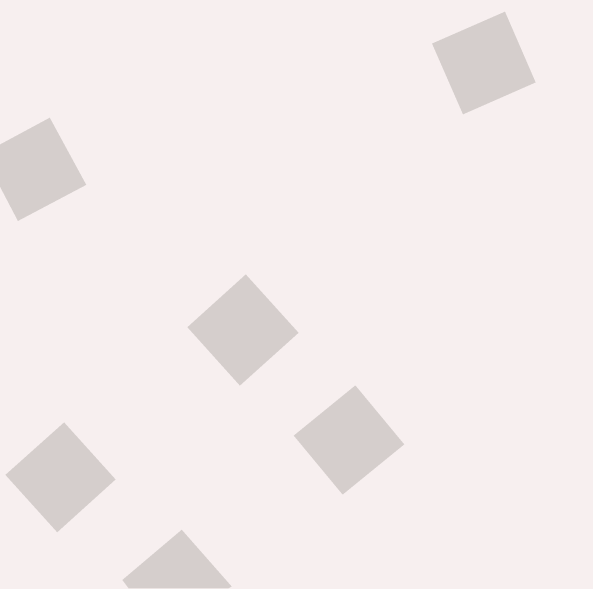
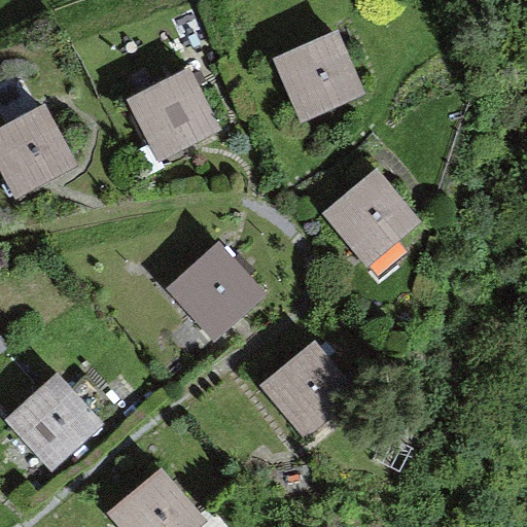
building: [431,11,537,115] -> [271,30,364,122]
building: none -> [127,68,221,160]
building: none -> [321,170,420,268]

